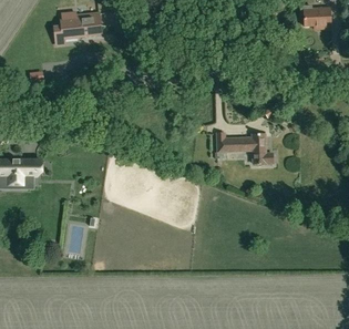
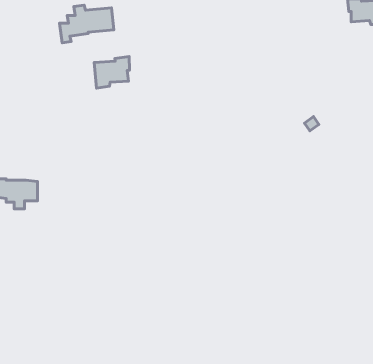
building: none -> [94,57,130,88]
building: [216,131,273,163] -> none

